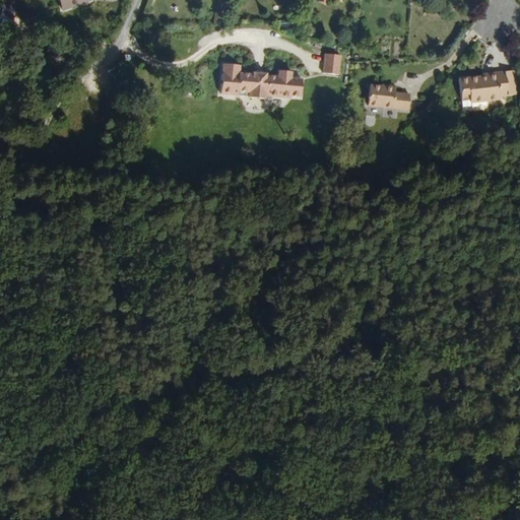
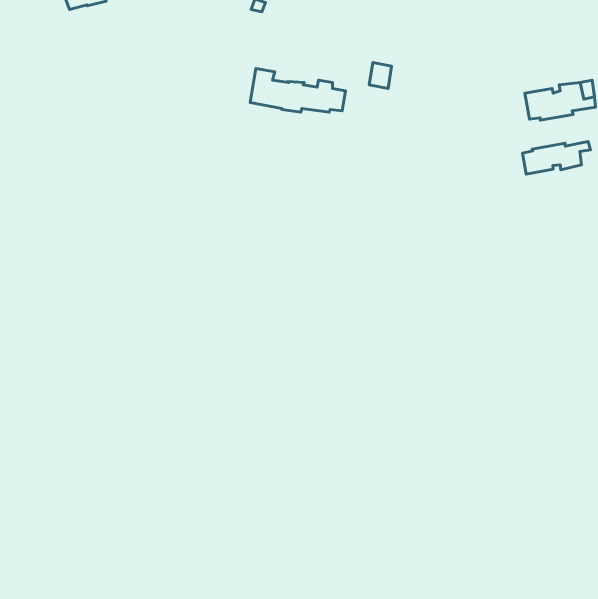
building: [366,81,409,110] -> none
building: none -> [523,141,591,174]

